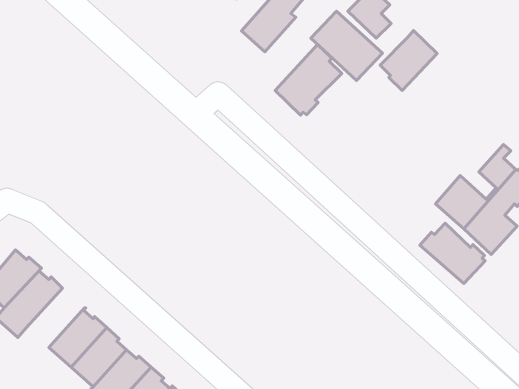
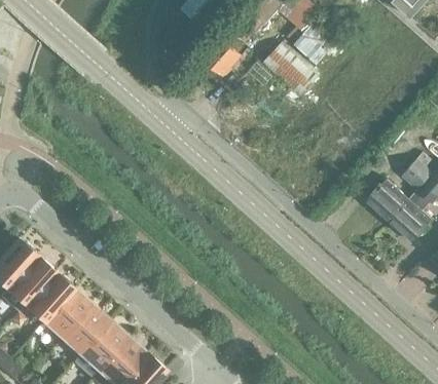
building: [380,30,437,90] -> none
building: [275,45,342,115] -> none
building: [420,223,485,284] -> none
building: none -> [25,271,73,320]

